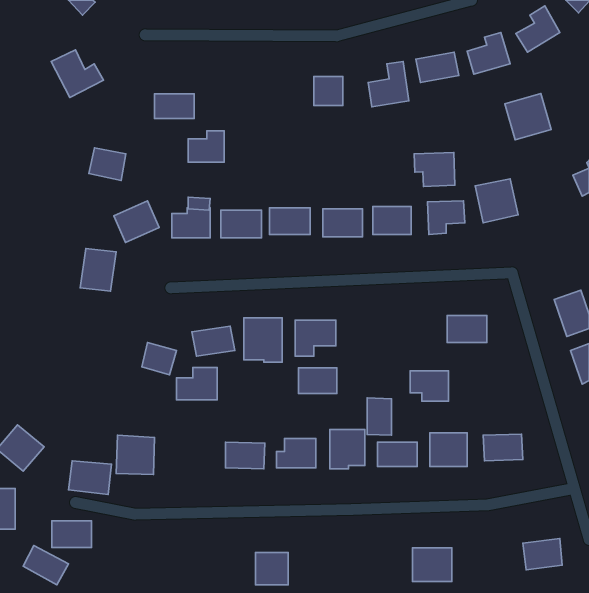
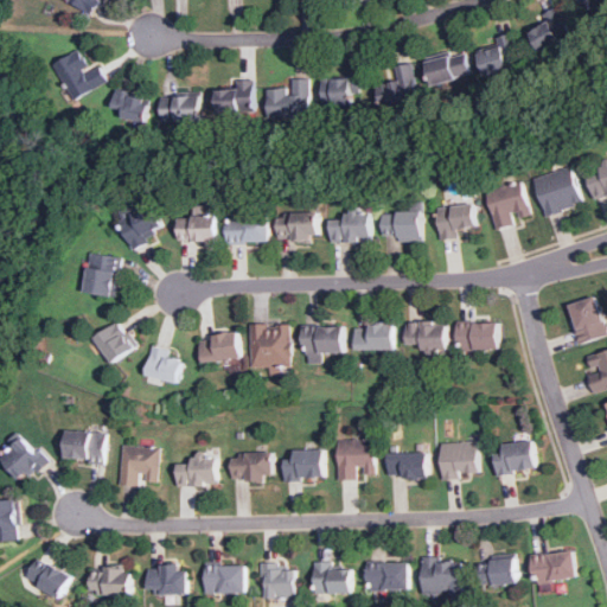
building: none -> [266,78,308,120]
building: [505,94,551,140] -> [532,167,580,215]
building: [188,131,224,162] -> [216,81,253,113]
building: [89,148,126,180] -> [108,90,146,123]
building: [414,152,455,186] -> none
building: none -> [91,322,133,364]
building: [176,367,217,400] -> [174,452,216,485]
building: [298,368,337,393] -> [353,324,392,350]
building: [410,371,449,401] -> [405,322,445,353]
building: [367,398,391,435] -> none
building: [69,461,112,494] -> [62,429,106,464]
building: [52,521,91,548] -> [89,567,129,594]
building: none -> [477,557,516,584]
building: none -> [314,561,350,594]
building: none -> [366,562,408,592]
building: none -> [204,564,243,592]
building: none -> [146,566,185,593]

